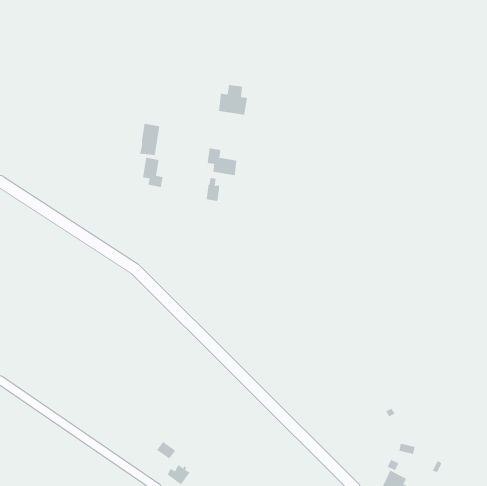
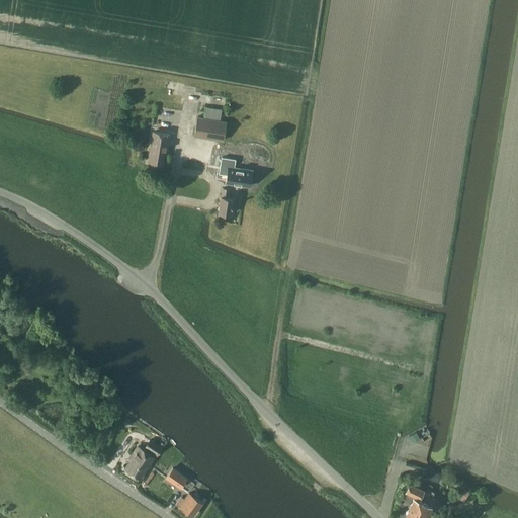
building: [218,84,248,115] -> [194,108,226,141]
building: [142,157,163,188] -> none
building: none -> [126,441,161,478]

